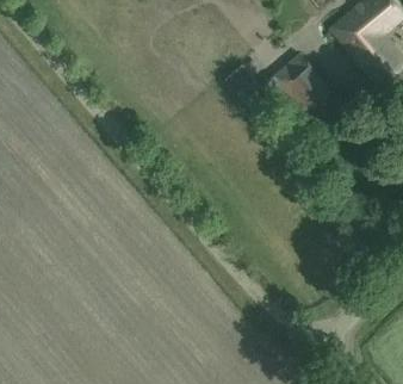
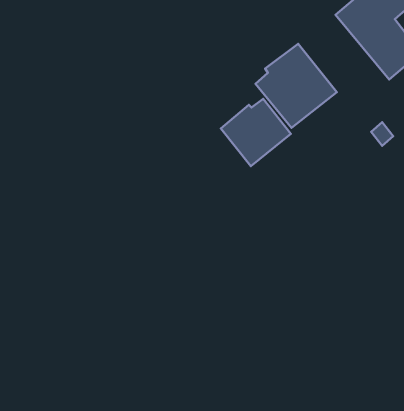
building: none -> [221,99,291,166]

